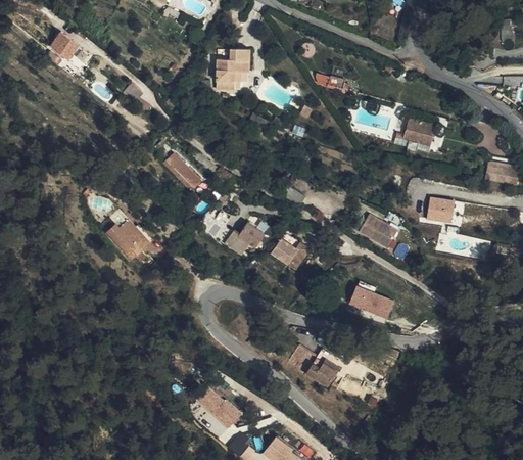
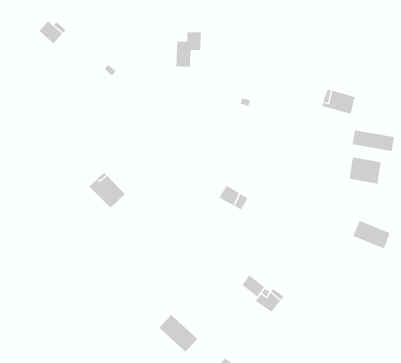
building: [165,150,204,187] -> none
building: none -> [352,130,394,152]
building: [354,210,390,241] -> none
building: [215,218,258,251] -> none
building: [350,288,396,323] -> [352,220,390,249]

